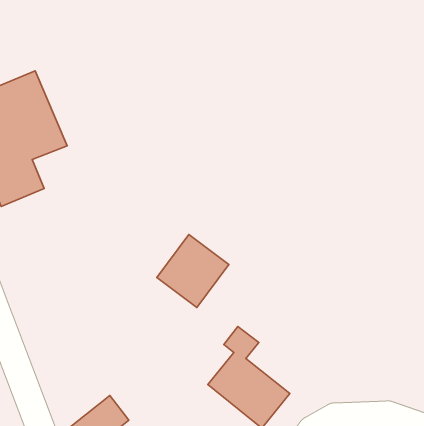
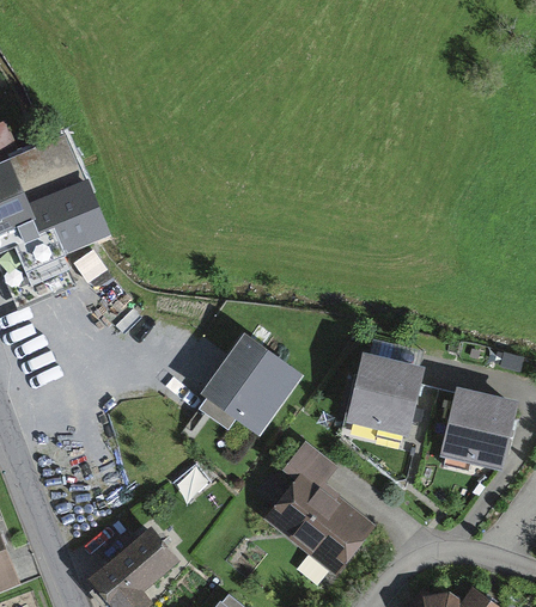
building: none -> [353,355,419,424]
building: none -> [446,390,512,460]

